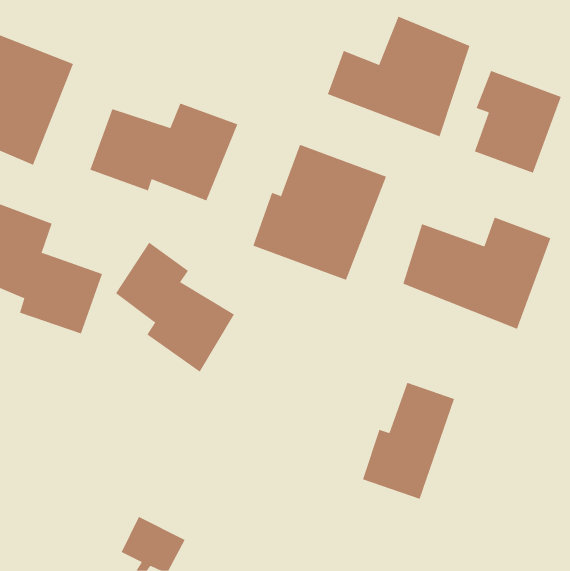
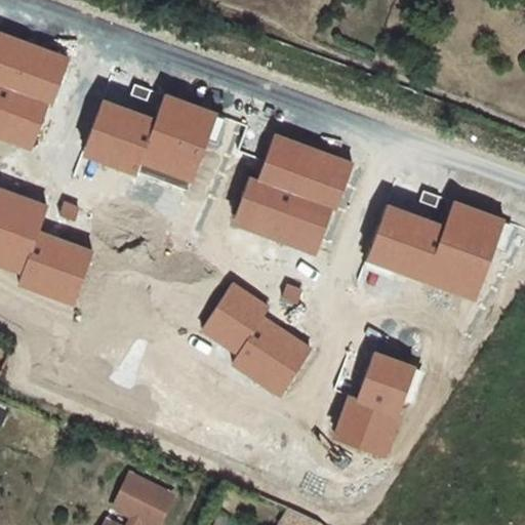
building: [327,16,470,137] -> none
building: [474,70,562,173] -> none
building: [115,242,235,373] -> [201,281,311,401]

